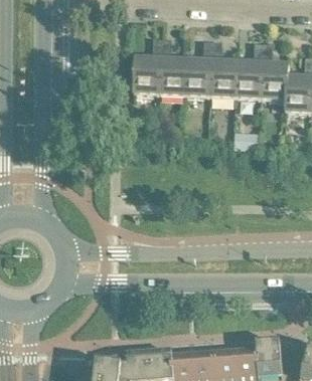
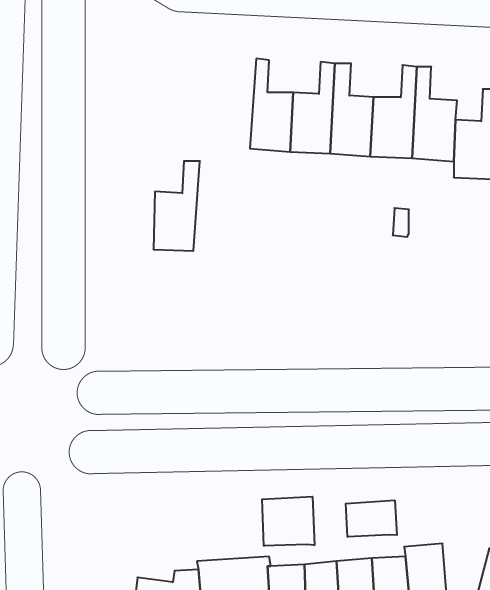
building: [135,37,164,93] -> [153,161,200,251]
building: none -> [262,497,314,546]
building: none -> [346,500,397,537]

